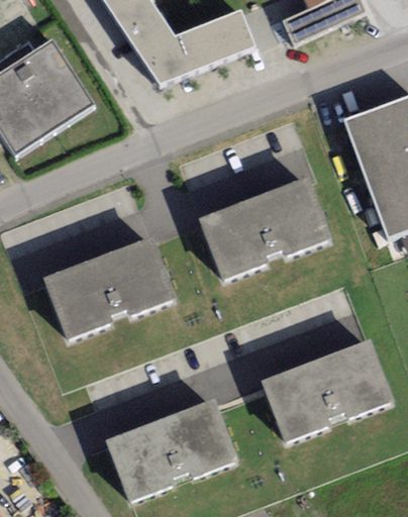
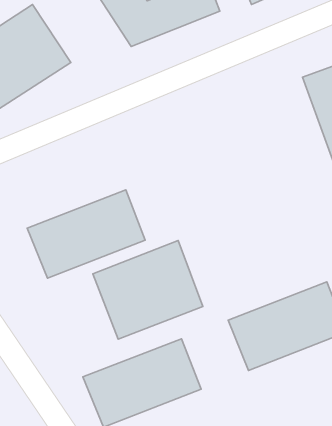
building: [199,179,326,276] -> none
building: none -> [93,240,203,339]

